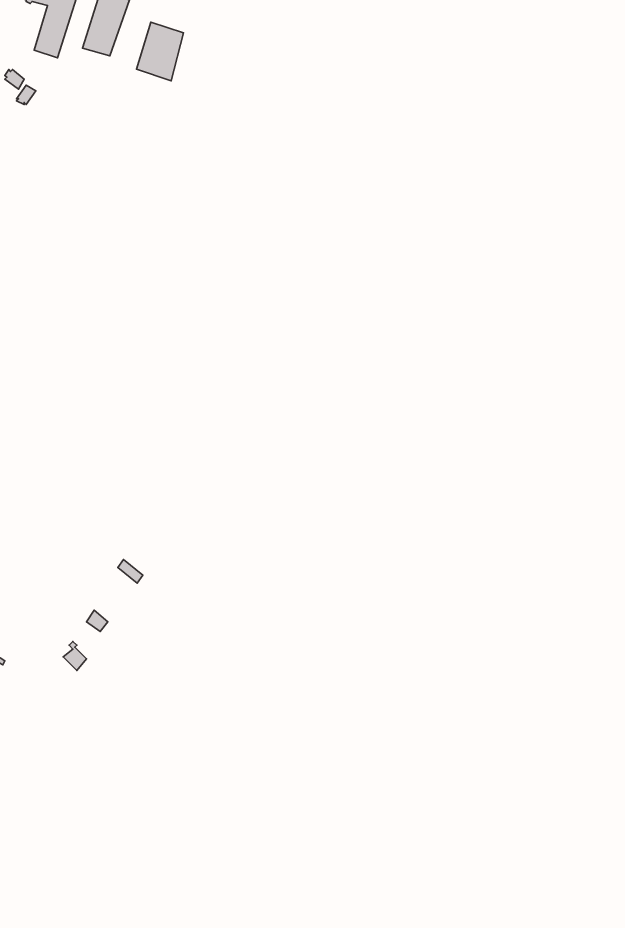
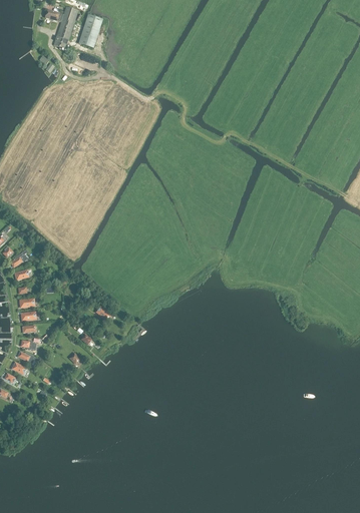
building: [136,22,184,81] -> none

